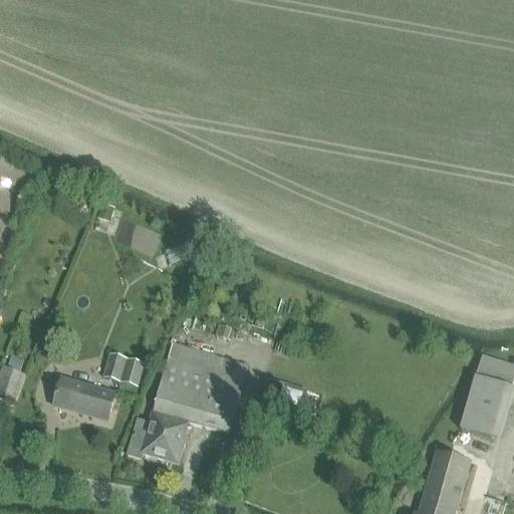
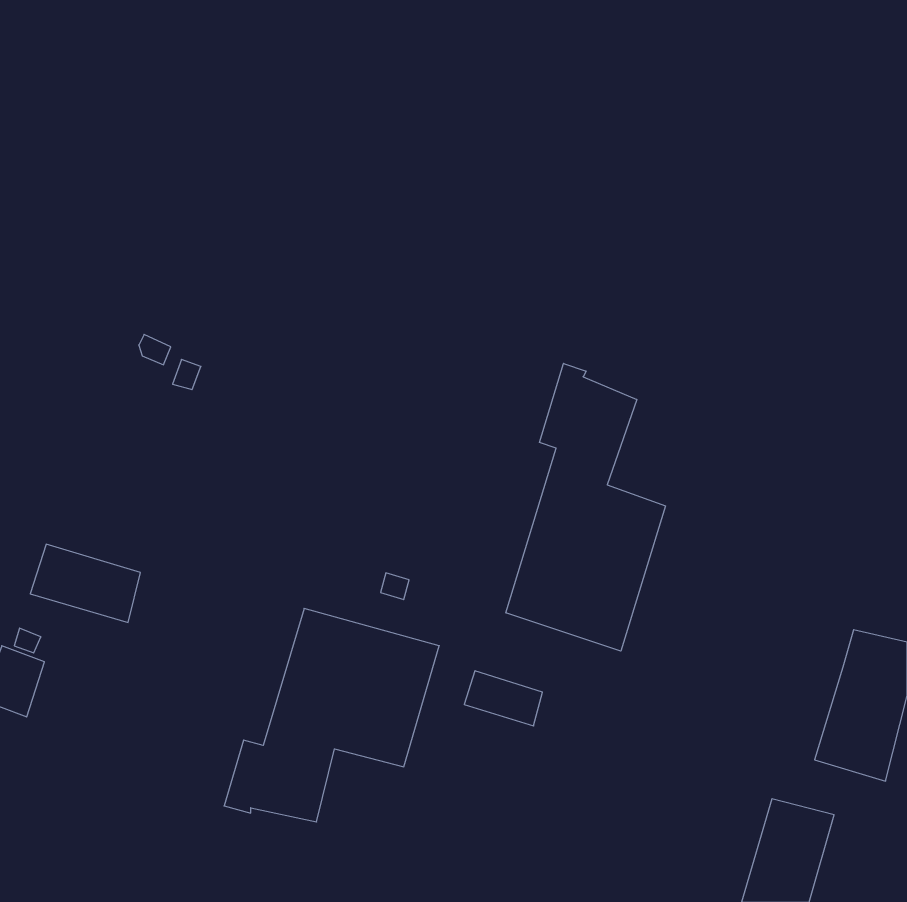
building: none -> [506,363,665,651]
building: [102,353,145,388] -> none
building: [53,375,115,420] -> [30,544,140,622]

